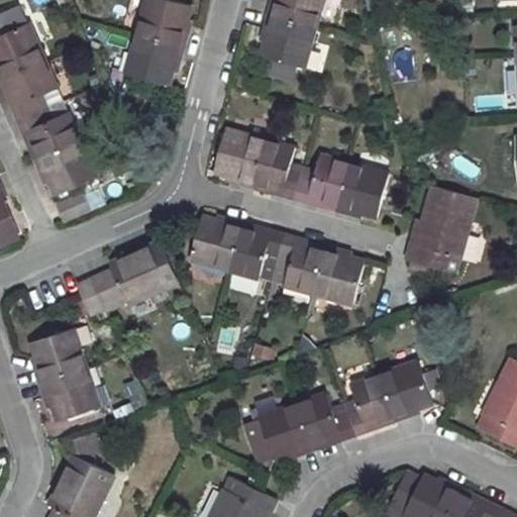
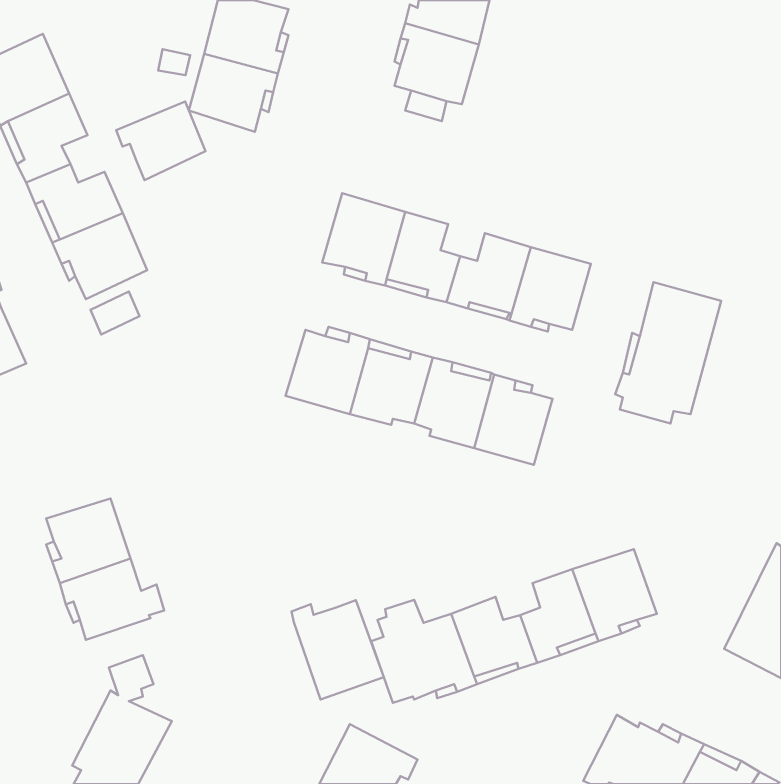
building: none -> [116,102,206,180]
building: [75,240,179,314] -> none
building: none -> [291,600,384,700]

